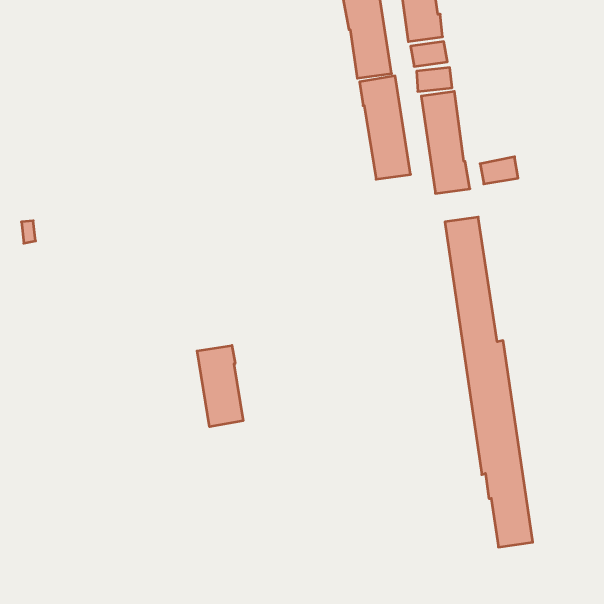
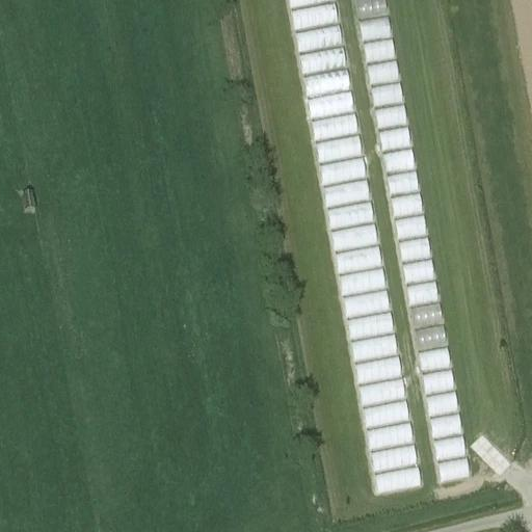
building: [480,157,518,184] -> [383,167,417,191]
building: none -> [330,155,419,491]
building: [197,345,243,427] -> none

